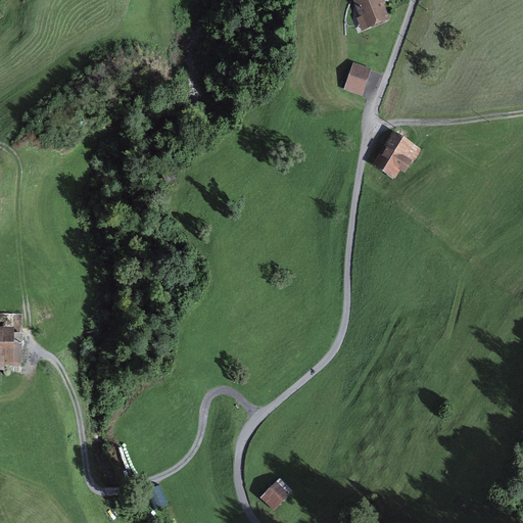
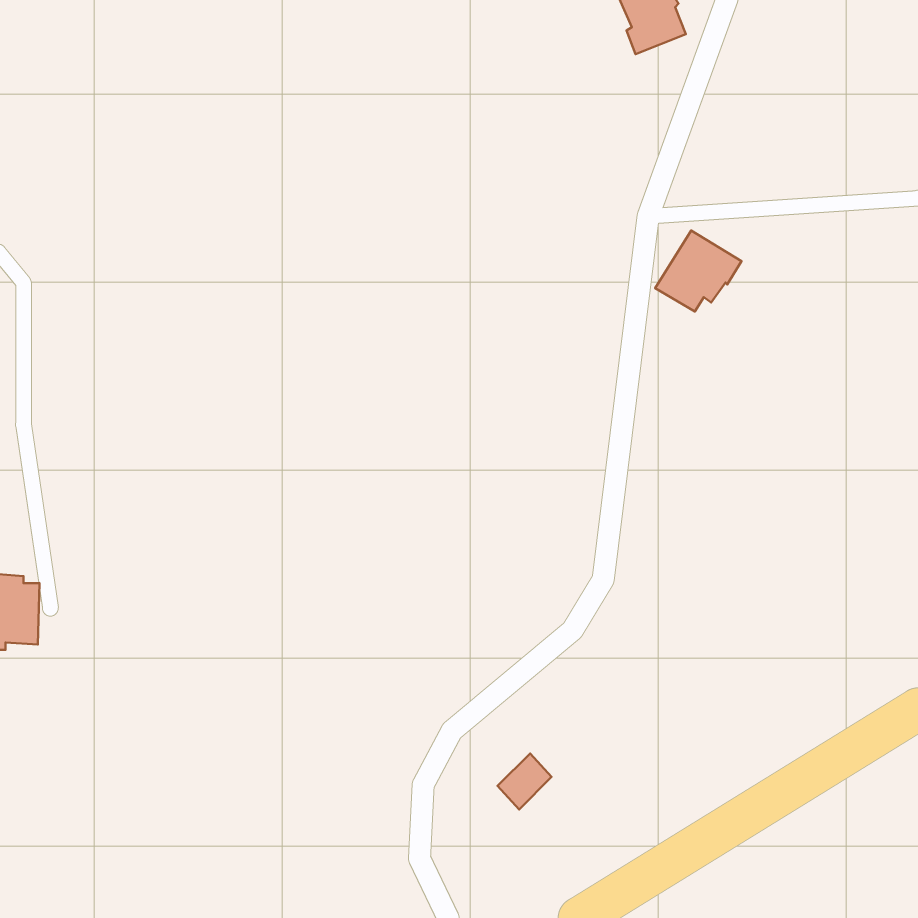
building: [343,61,371,95] -> none
building: [260,477,291,509] -> [498,754,552,809]

